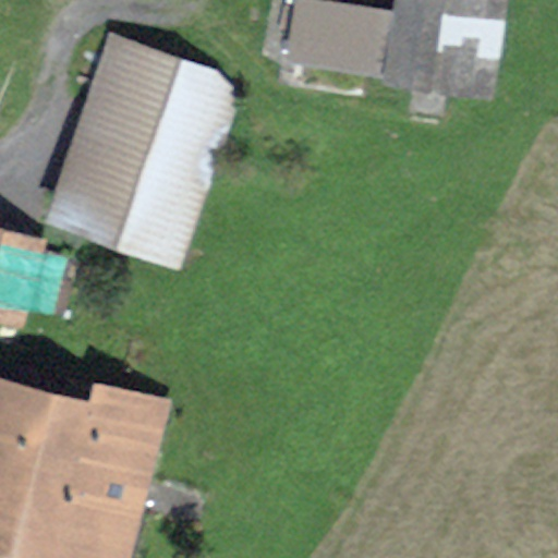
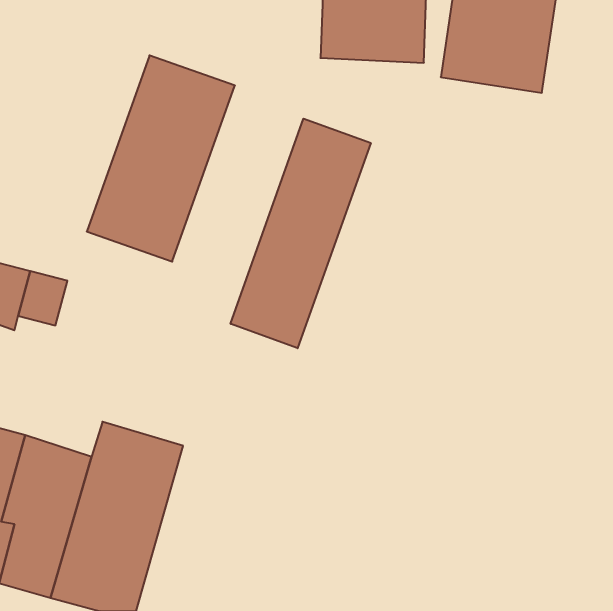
building: none -> [231,119,371,348]

